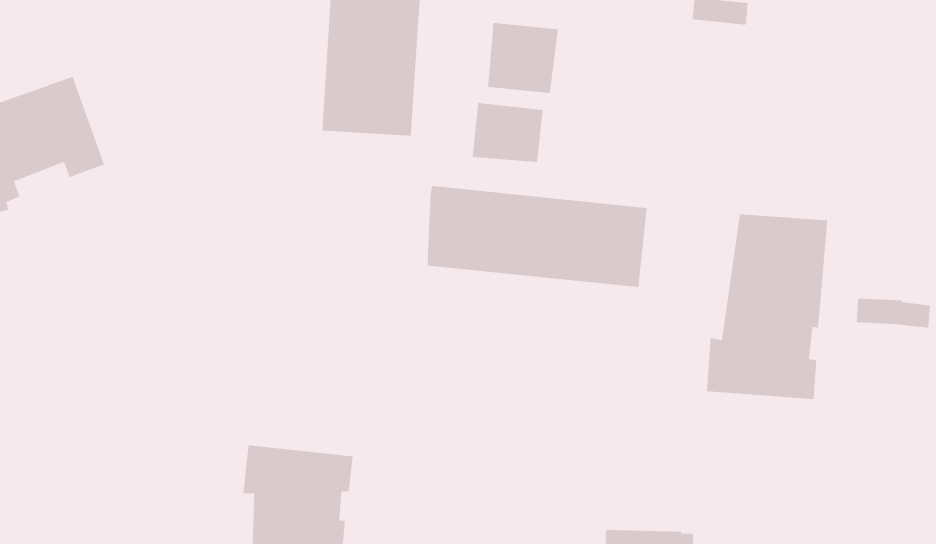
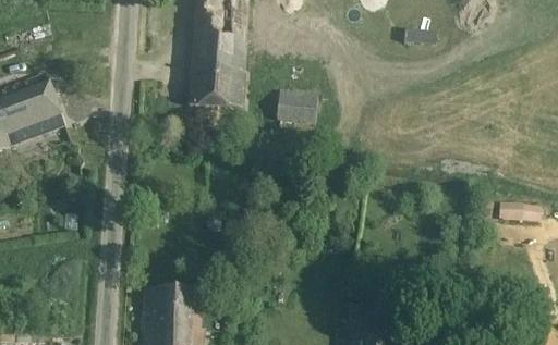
building: [487,22,558,94] -> none
building: [427,185,647,288] -> none
building: [707,213,828,400] -> none

